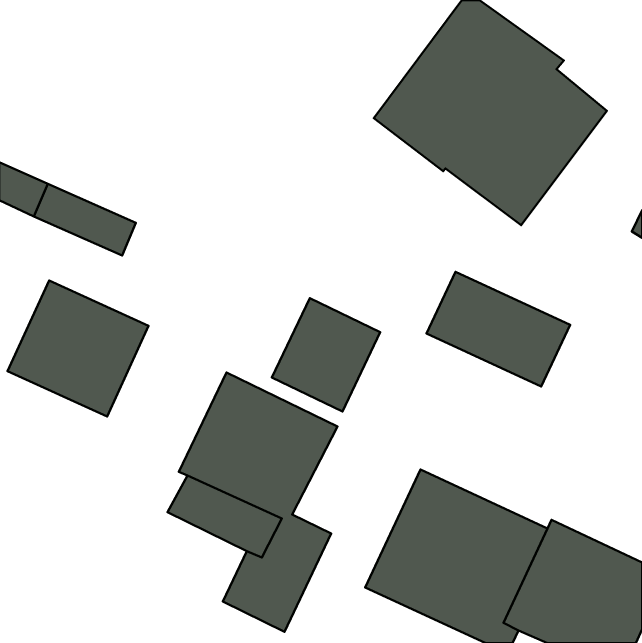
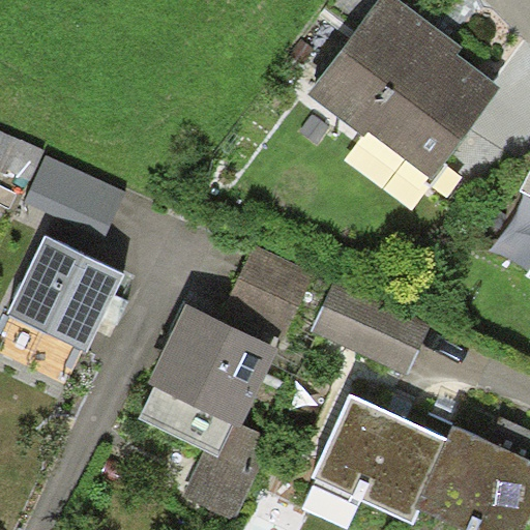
building: [427,272,570,386] -> [312,282,430,376]

